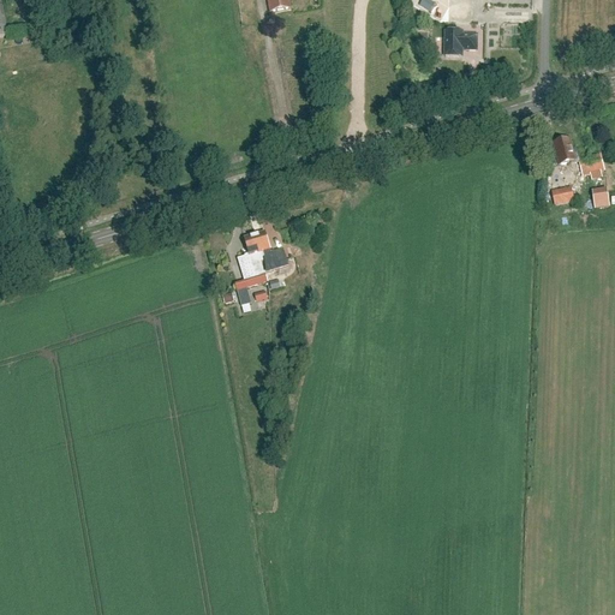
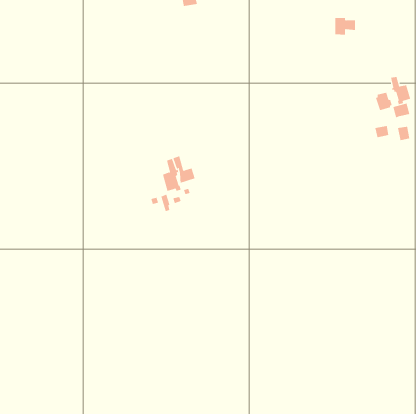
building: [446,29,477,55] -> [335,17,356,35]
building: none -> [391,76,411,105]

